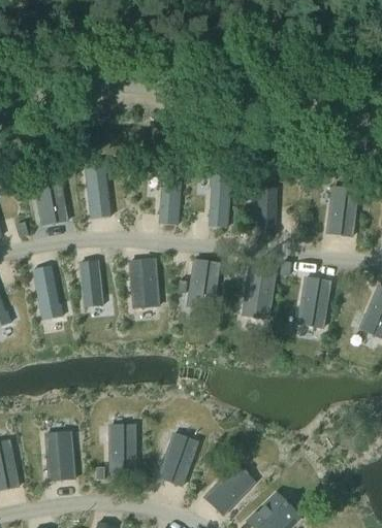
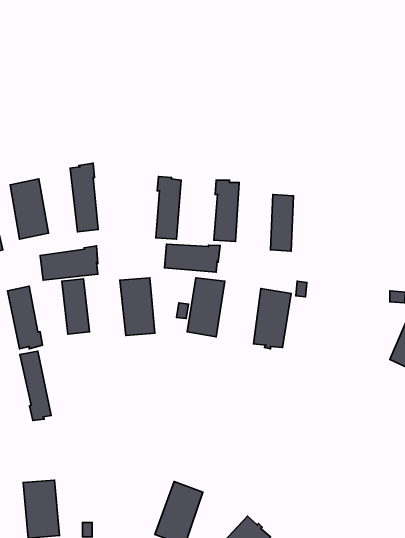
building: [326,186,357,236] -> none
building: none -> [164,244,220,272]
building: none -> [40,246,98,280]
building: [297,276,329,327] -> none
building: none -> [20,351,51,421]
building: [110,425,137,472] -> none

